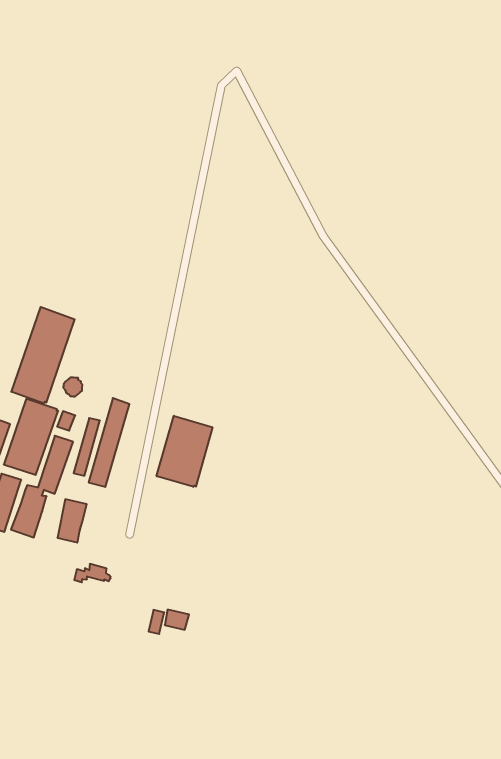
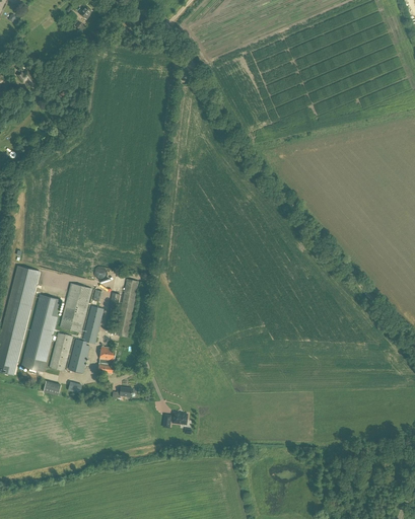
building: [11,307,75,403] -> none
building: [157,416,212,487] -> none

